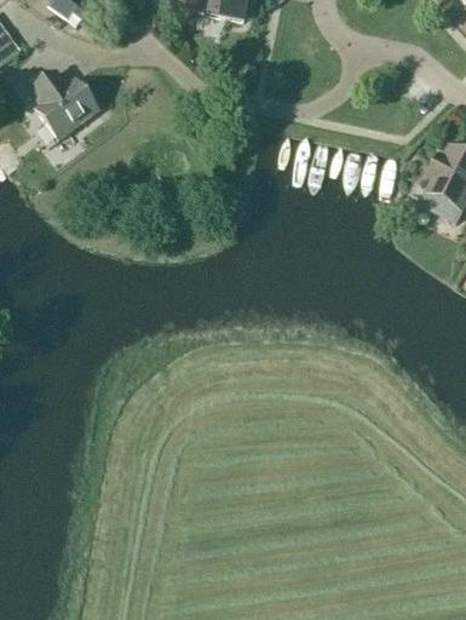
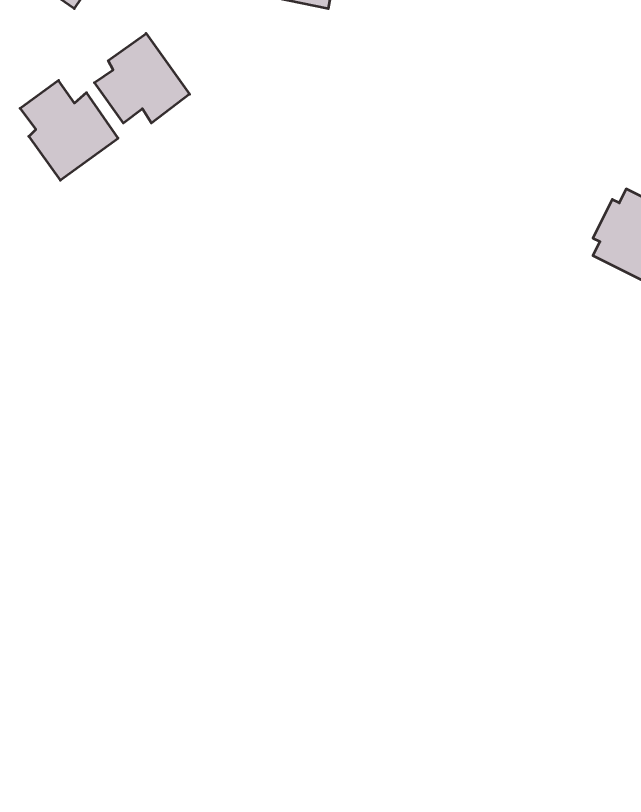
building: none -> [94,33,190,123]

